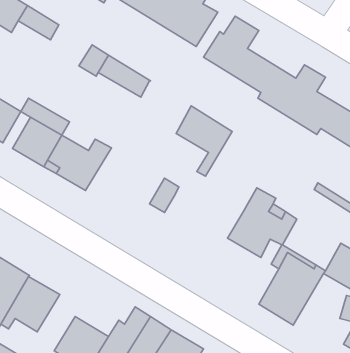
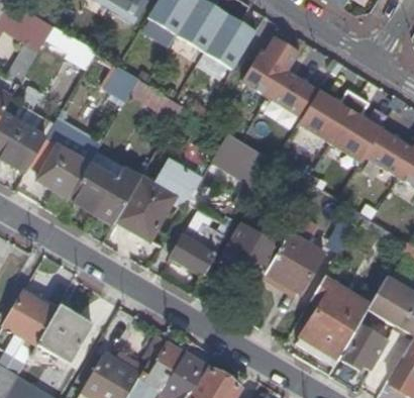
building: none -> [116,159,201,238]
building: none -> [218,222,282,285]
building: none -> [171,225,226,274]
building: none -> [343,326,387,368]

